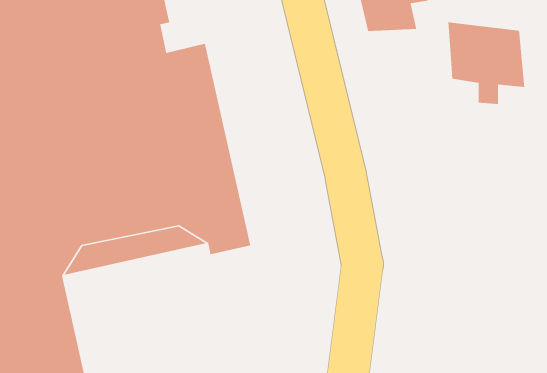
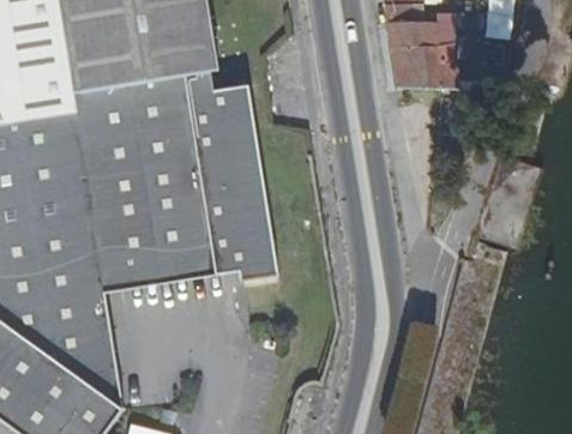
building: [448,21,525,105] -> none

